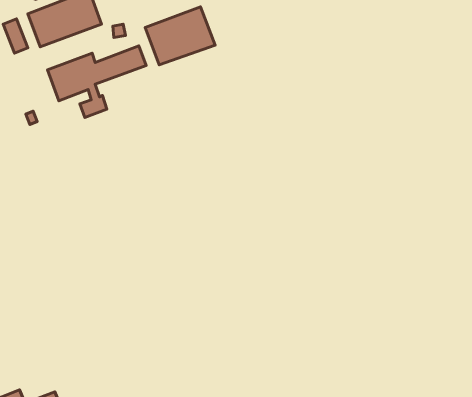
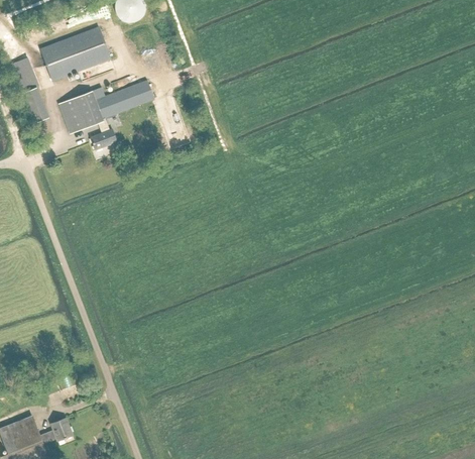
building: [145,7,215,65] -> none
building: none -> [19,87,48,124]

